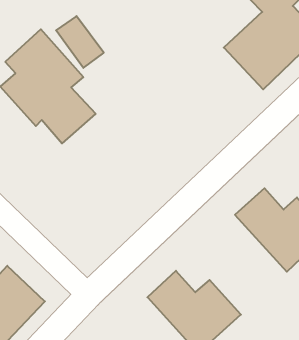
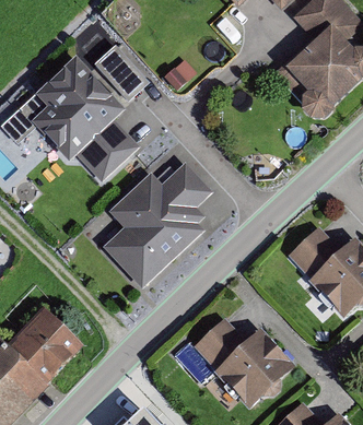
building: none -> [105,162,213,290]

